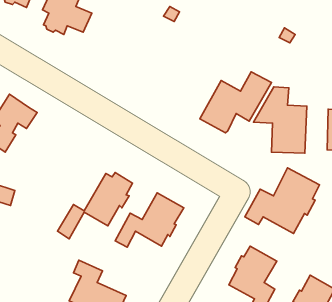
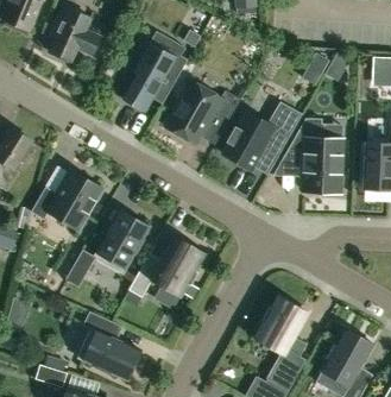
building: none -> [124,44,188,111]
building: none -> [165,81,240,144]
building: none -> [31,175,101,229]
building: [245,168,320,233] -> none

